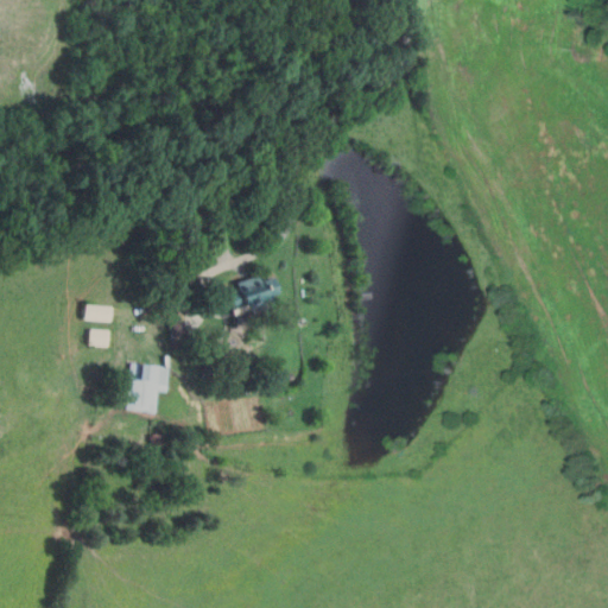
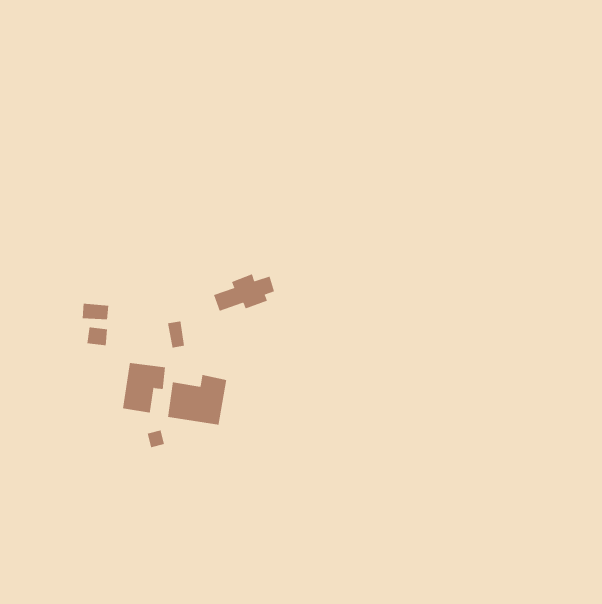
building: none -> [167,374,227,425]

